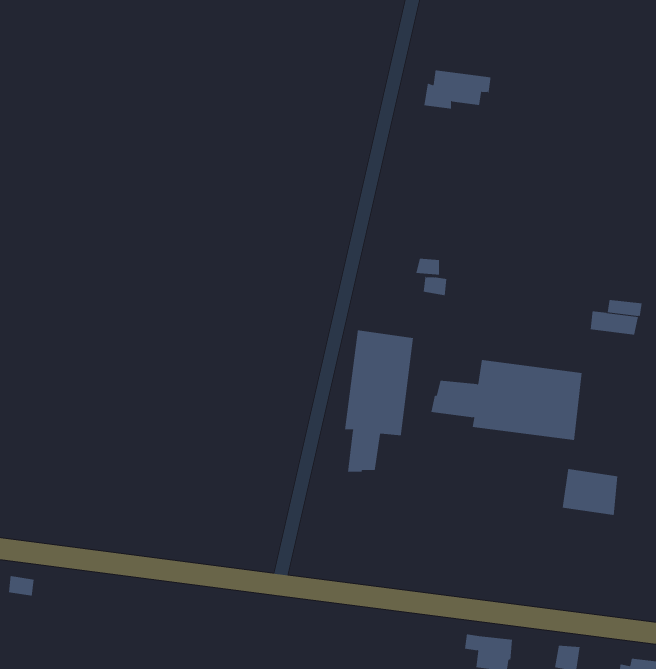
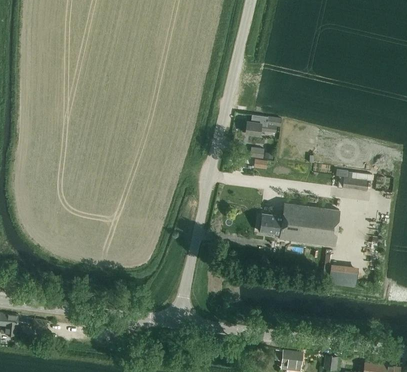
building: [424,70,491,109] -> [246,114,282,135]
building: [345,329,413,472] -> none

